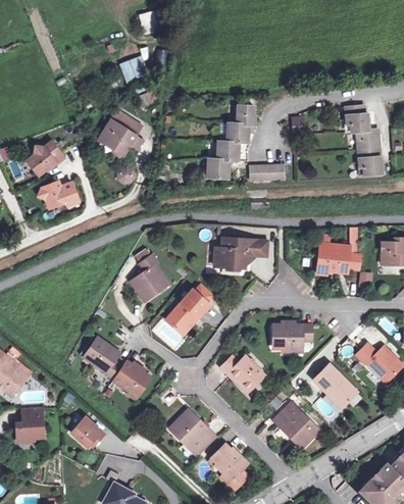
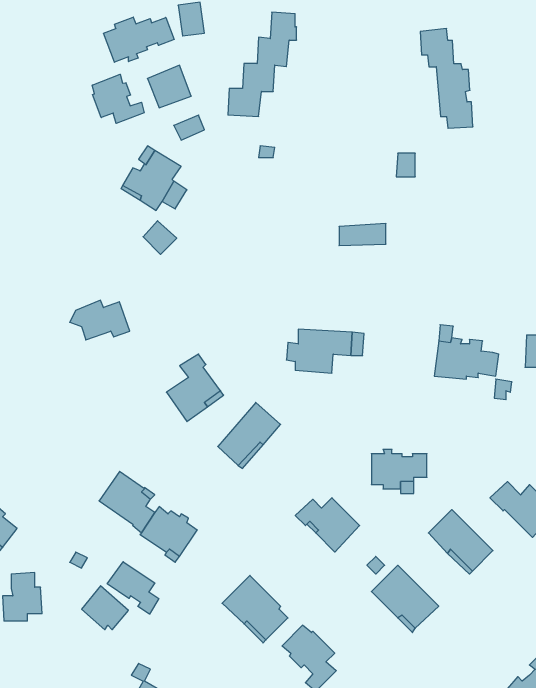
building: none -> [103,17,174,62]
building: none -> [92,74,144,123]
building: [206,105,254,178] -> [228,12,297,116]
building: [345,105,382,174] -> [420,29,473,128]
building: [27,141,64,175] -> none
building: [37,181,79,208] -> [70,300,130,340]
building: none -> [107,562,159,614]

